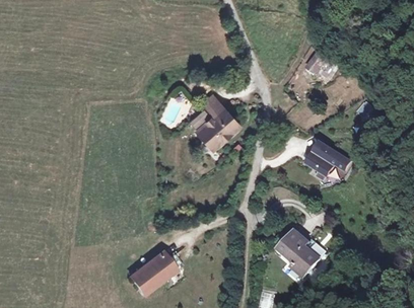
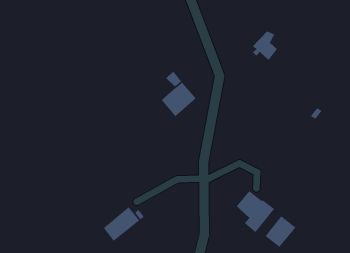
building: [305,141,350,181] -> none
building: none -> [264,215,296,248]

